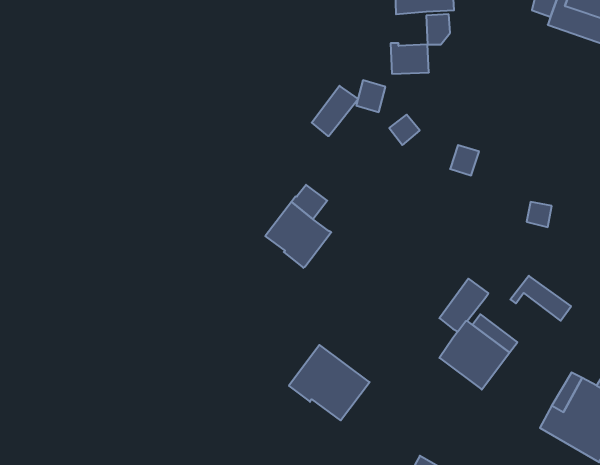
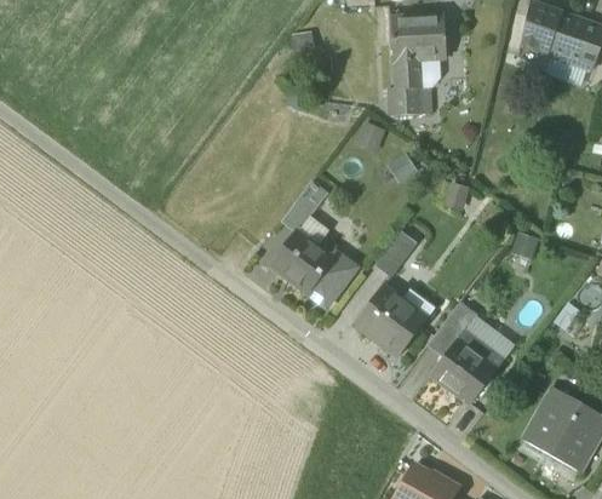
building: none -> [392,57,422,88]
building: [312,86,358,136] -> [286,180,328,226]
building: none -> [375,230,417,277]
building: none -> [309,252,355,304]
building: [510,276,571,321] -> [458,319,514,360]
building: [289,345,370,420] -> [354,286,428,355]

